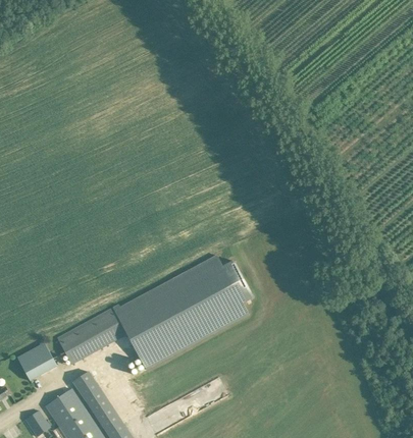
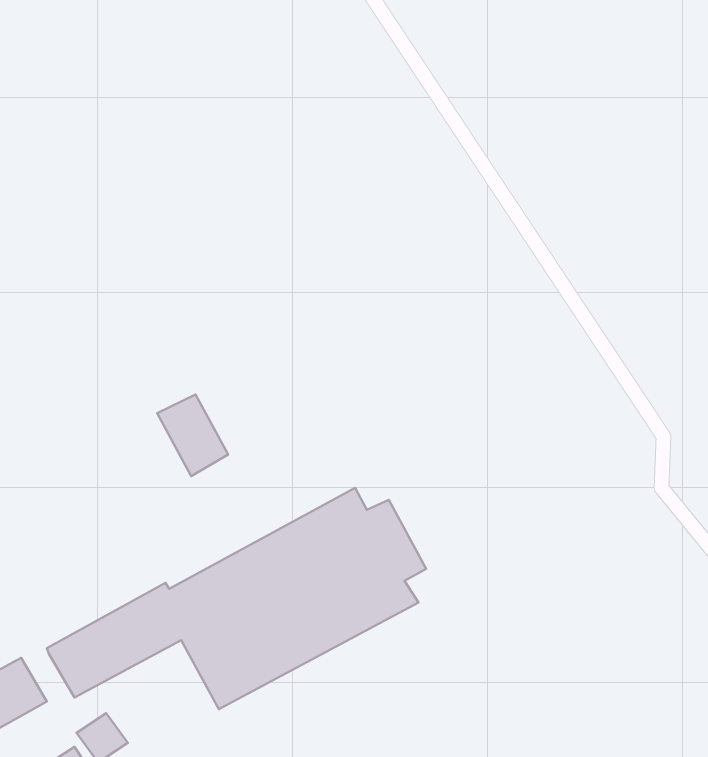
building: none -> [157,395,228,476]

